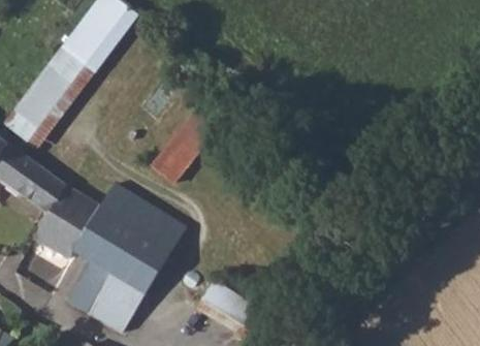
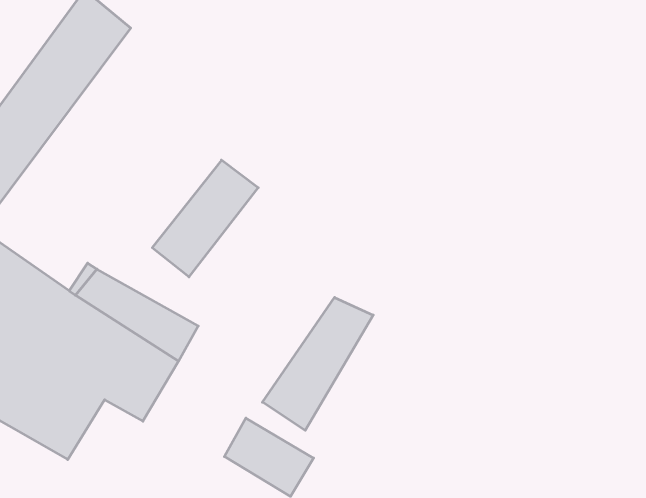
building: none -> [262,297,373,430]
building: [91,271,141,325] -> none

